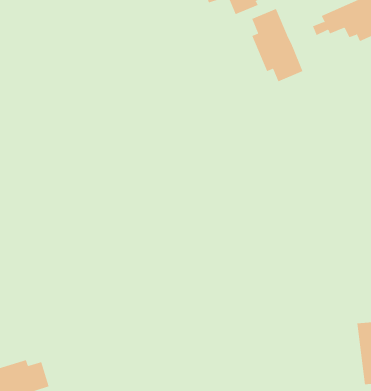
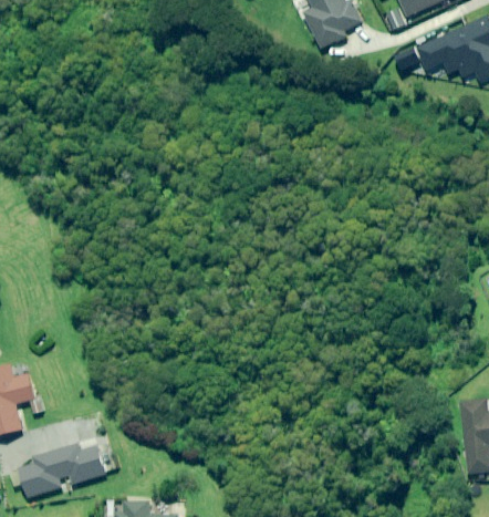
building: [251,8,303,82] -> none

